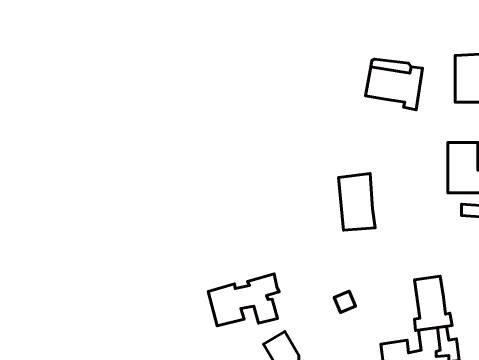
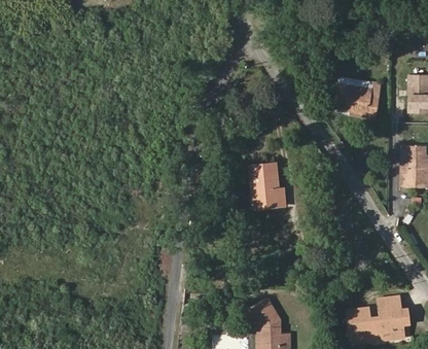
building: [339,174,375,230] -> [250,162,280,208]
building: [208,274,279,326] -> none
building: [414,276,452,330] -> none

